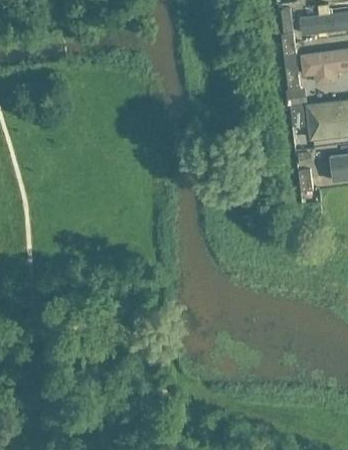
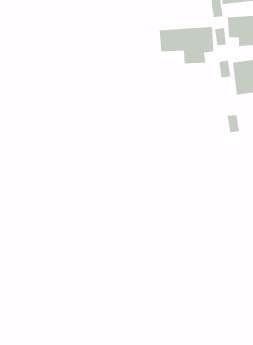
building: none -> [159,26,214,64]

